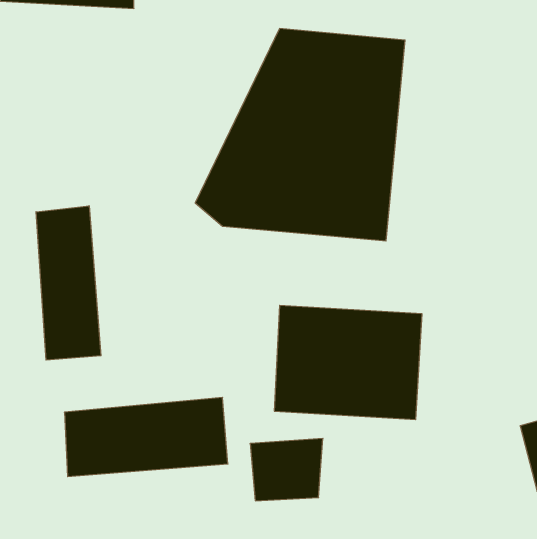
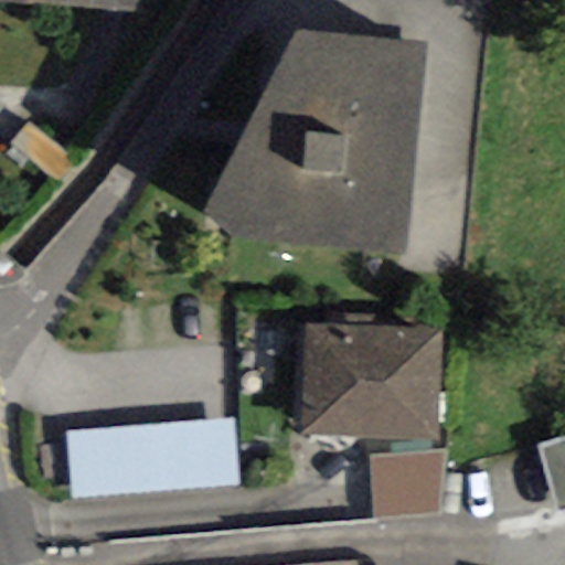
building: [36,206,101,360] -> none
building: [250,438,323,501] -> [372,451,448,516]

